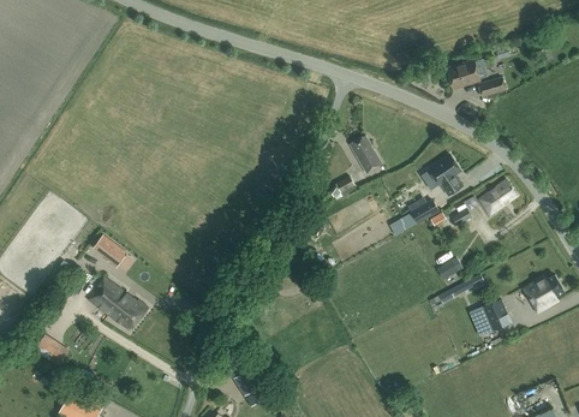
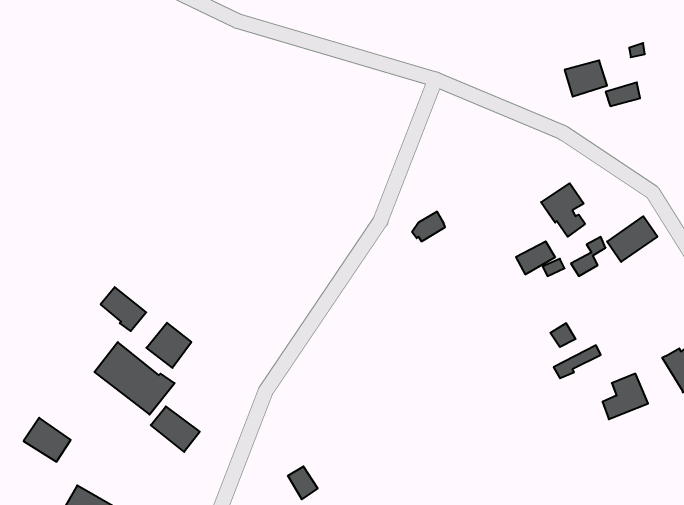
building: [348,135,381,173] -> none
building: none -> [146,323,191,368]
building: none -> [151,406,200,452]

